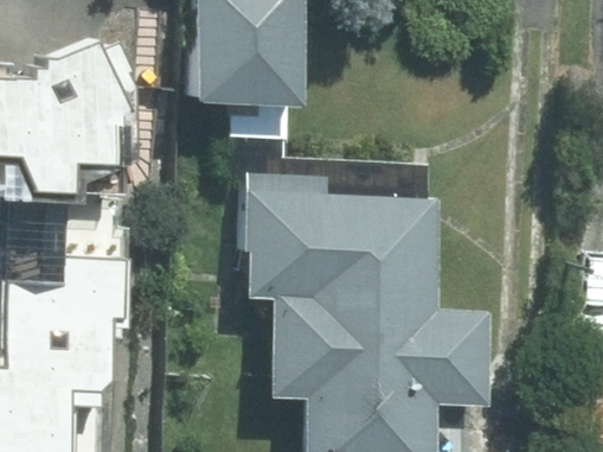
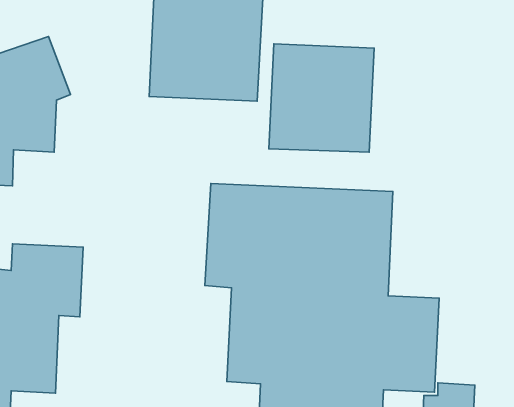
building: none -> [269,44,374,152]

